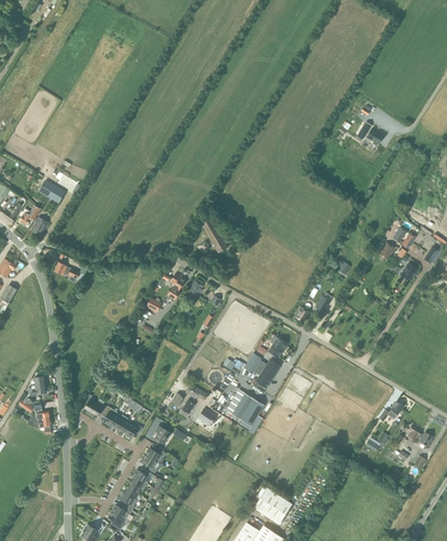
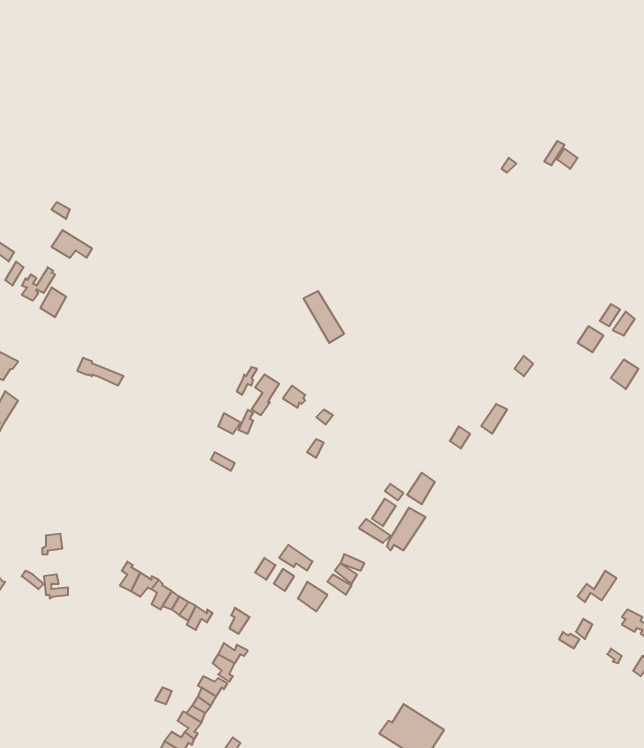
building: [232,393,264,429] -> none

